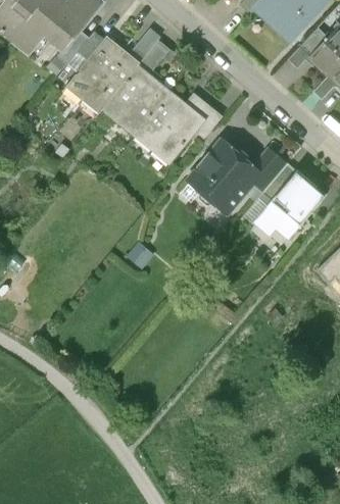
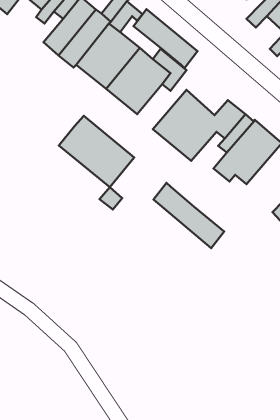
building: none -> [133,9,198,68]
building: none -> [59,116,134,187]
building: none -> [154,183,224,248]

